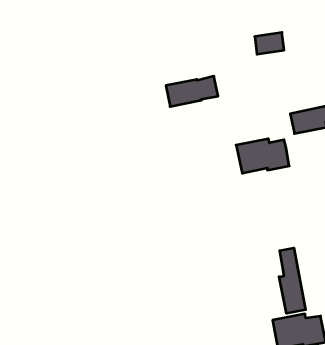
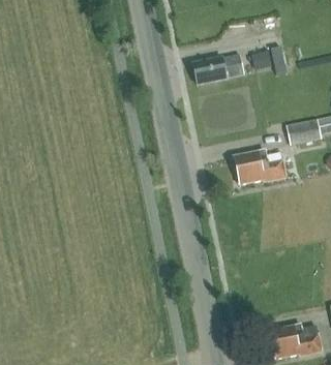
building: [166,76,218,107] -> [194,54,246,84]
building: [279,248,306,313] -> none

